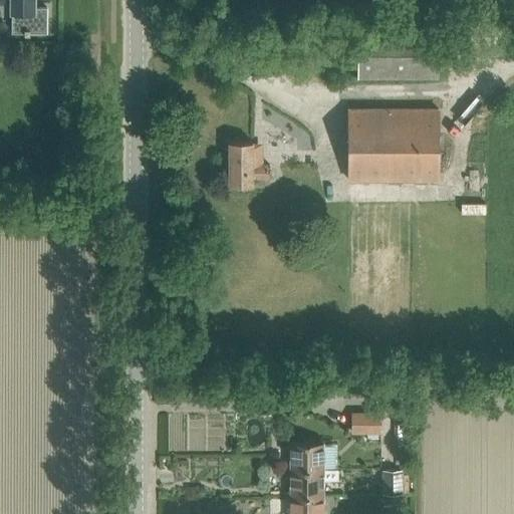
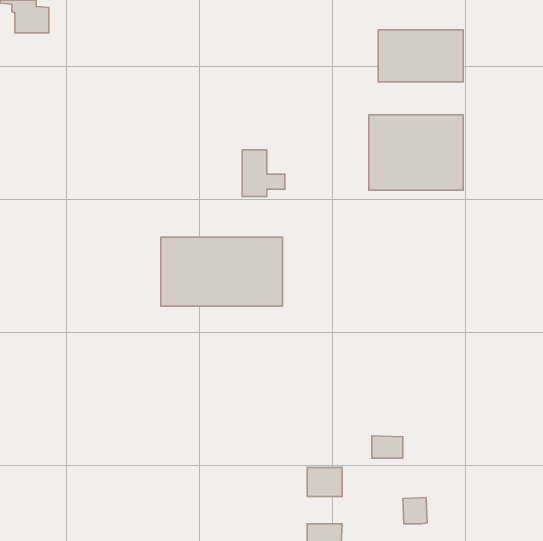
building: none -> [161,237,282,306]
building: [290,471,338,497] -> none

